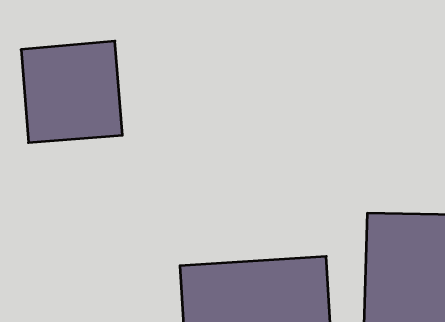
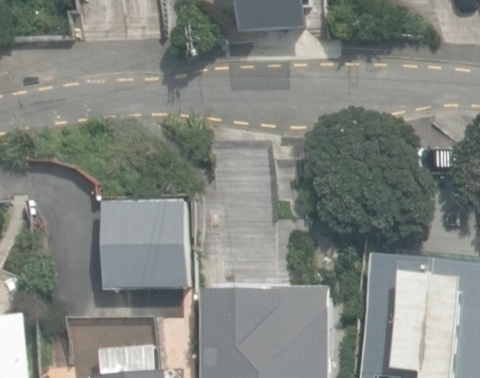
building: [21,41,122,143] -> [95,195,181,281]

